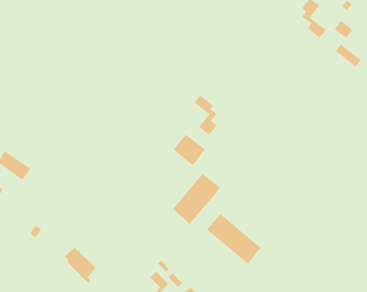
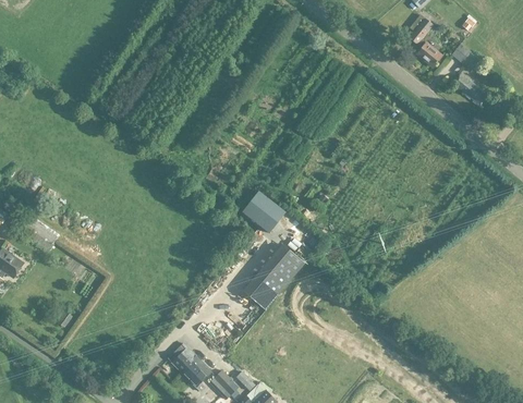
building: [194,95,218,135] -> none
building: [206,213,261,265] -> none
building: [64,247,96,284] -> [169,344,211,392]

